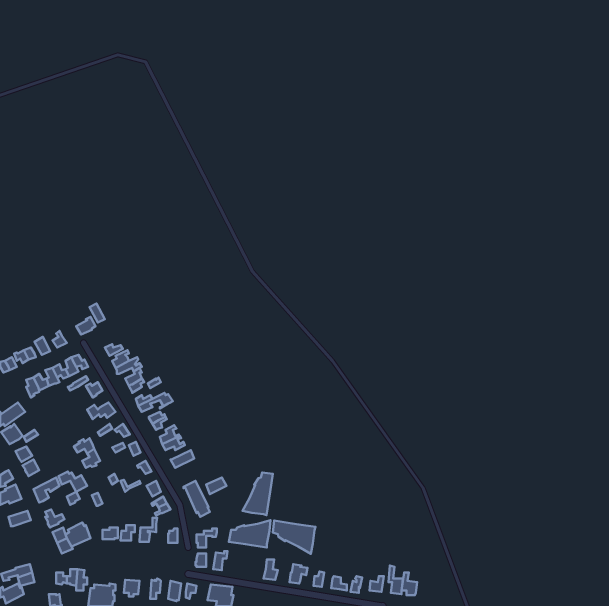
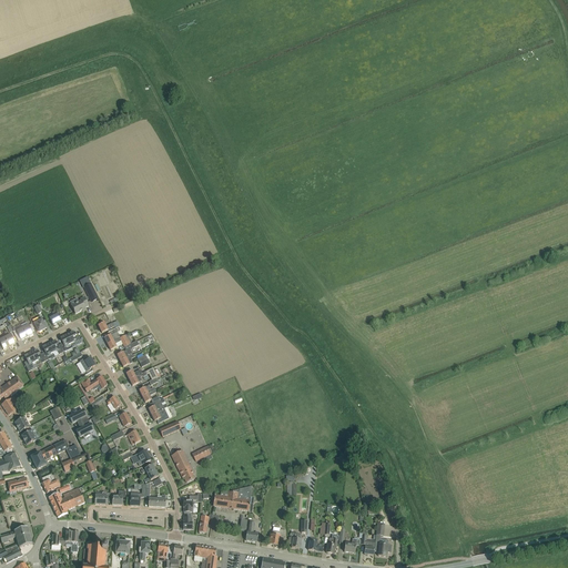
building: [243,473,273,515] -> none
building: [273,521,316,554] -> none

